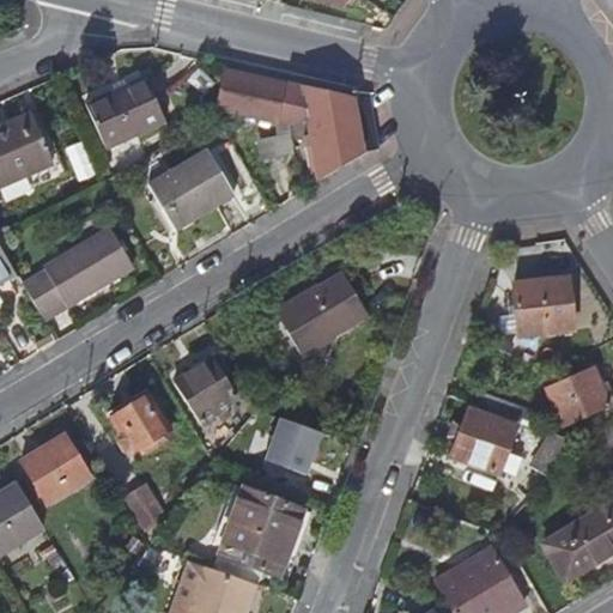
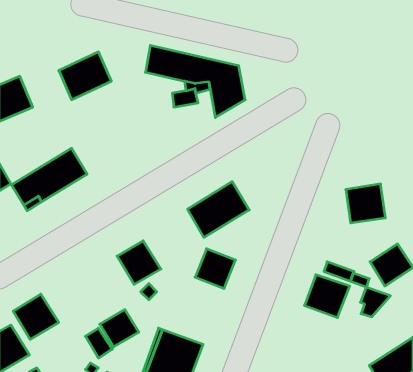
building: [150,153,233,231] -> none
building: [113,395,170,450] -> [100,310,139,347]
building: [261,415,321,474] -> [195,249,236,288]

